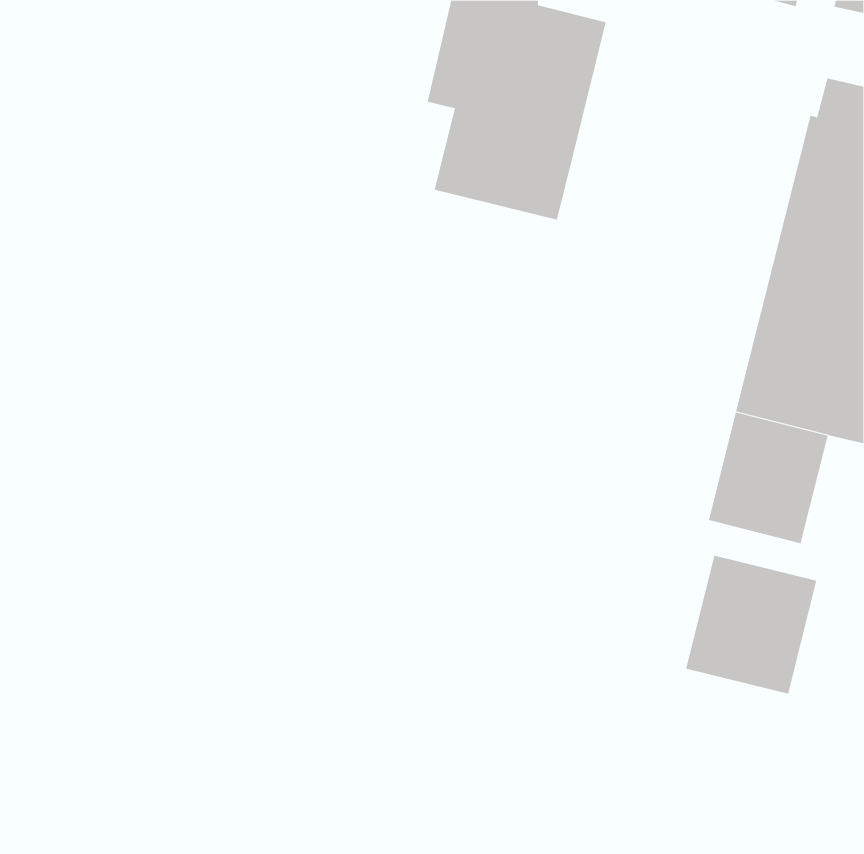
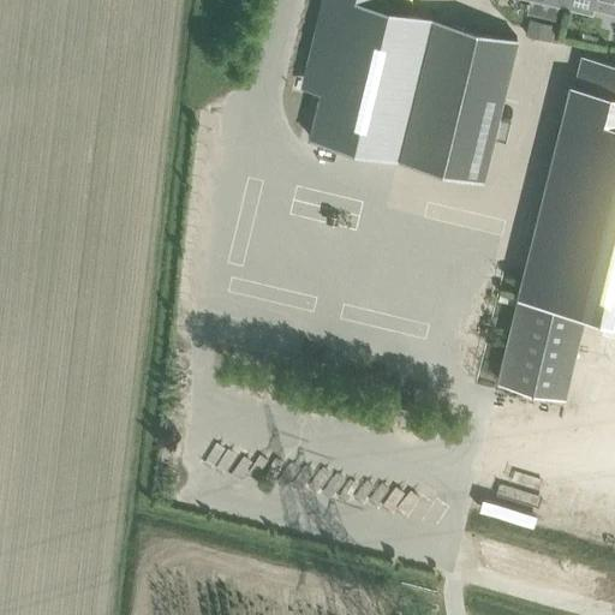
building: none -> [398,25,515,185]
building: [686,555,817,694] -> none

